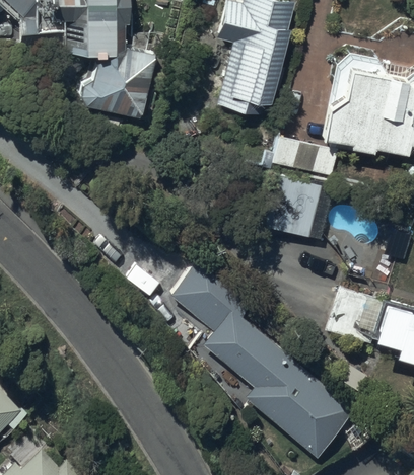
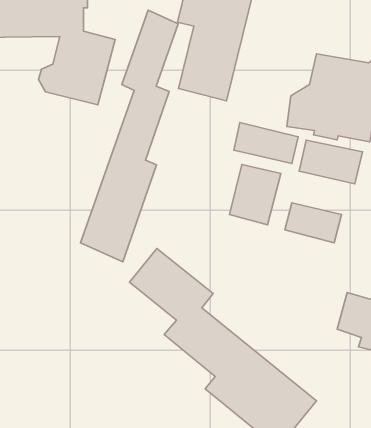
building: none -> [81,10,178,262]
building: none -> [299,140,362,184]
building: none -> [285,203,342,243]

